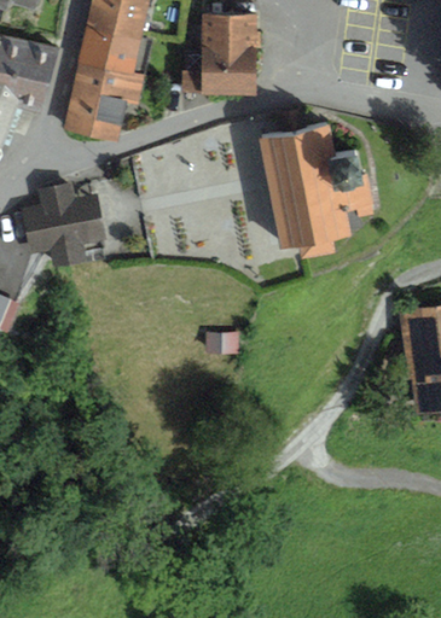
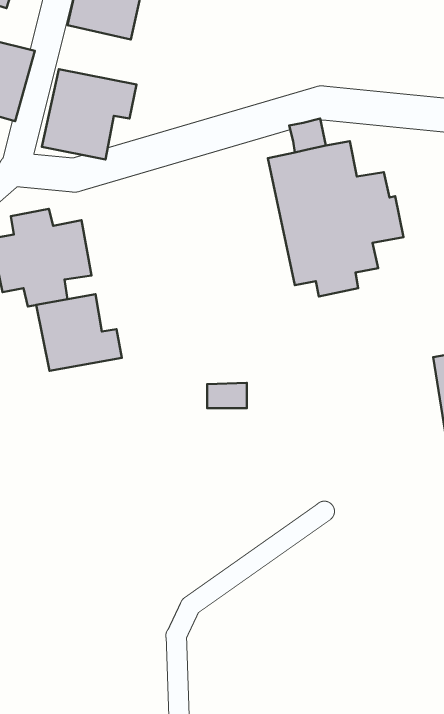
building: [180,13,256,94] -> none
building: [79,27,153,77] -> none
building: none -> [36,294,122,371]

